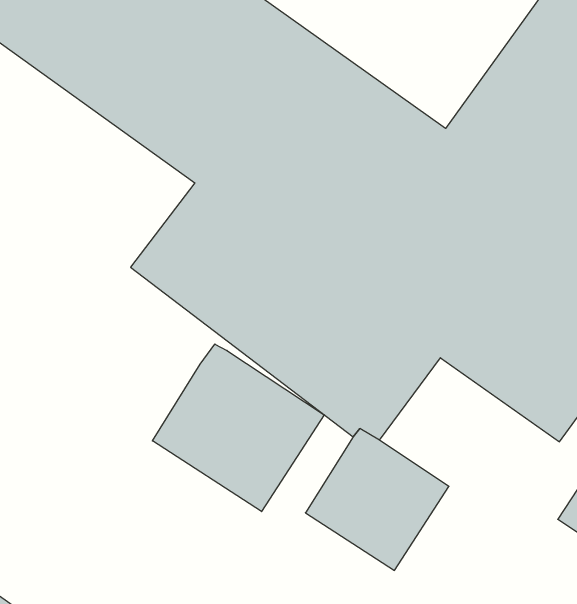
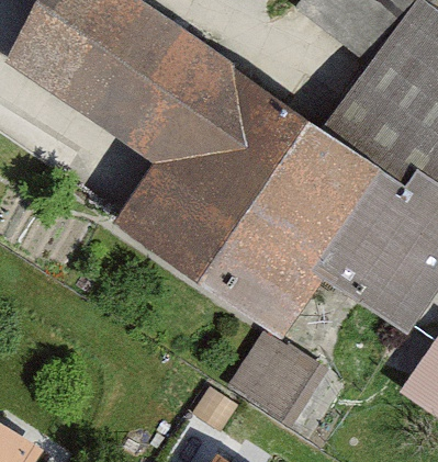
building: [152,344,324,512] -> none

